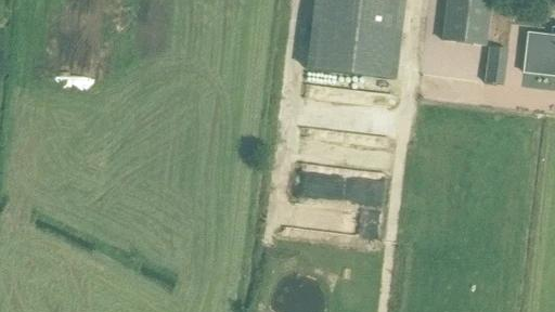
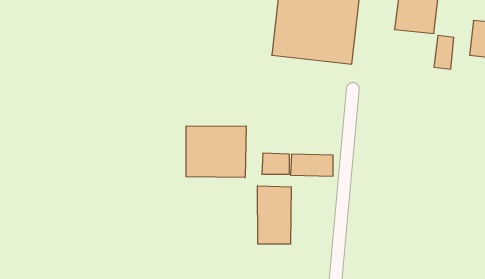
building: none -> [186,126,246,178]
building: none -> [258,186,291,244]

